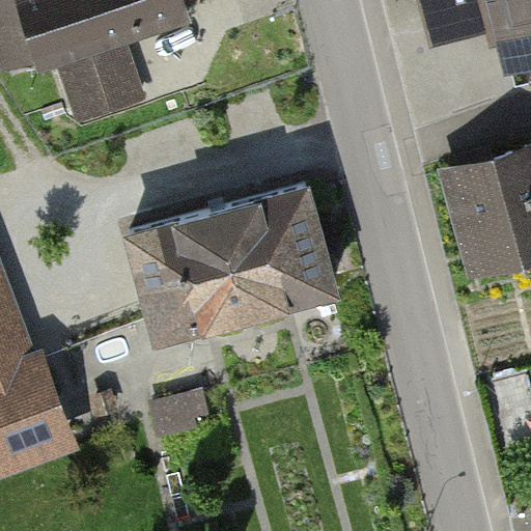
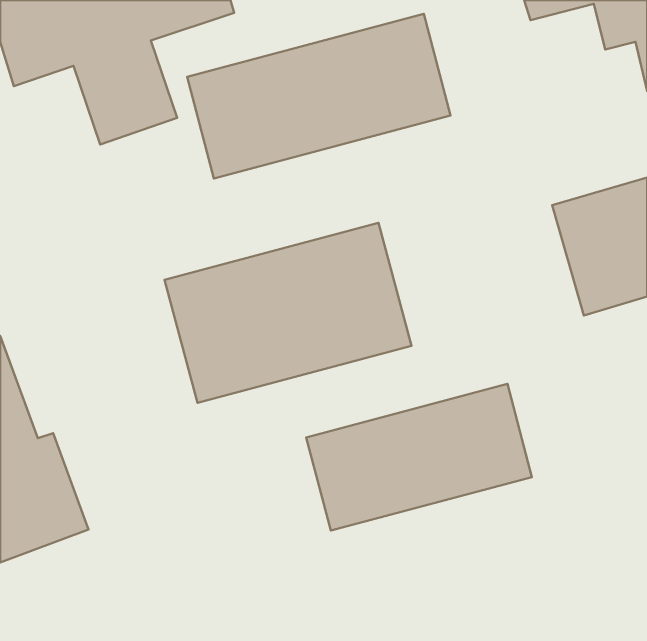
building: none -> [187,14,451,179]
building: none -> [306,384,532,531]

